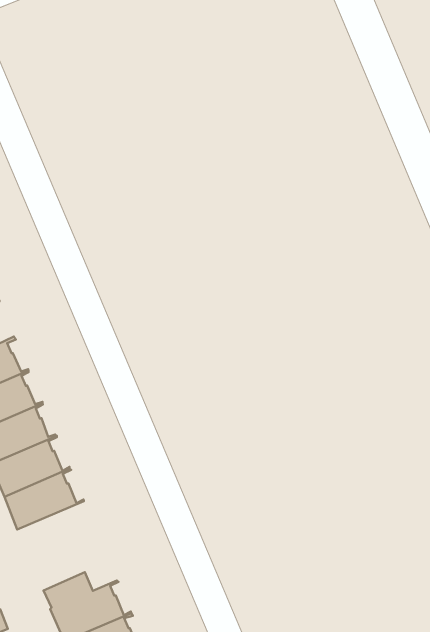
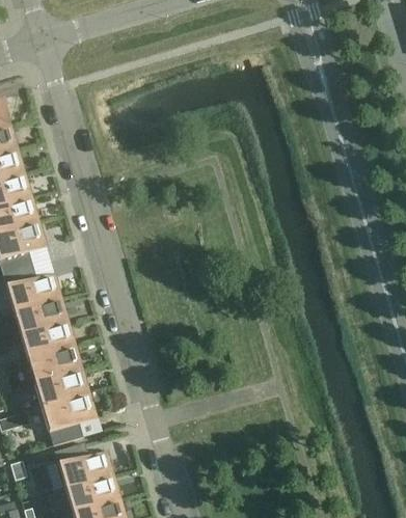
building: none -> [38,393,94,446]

